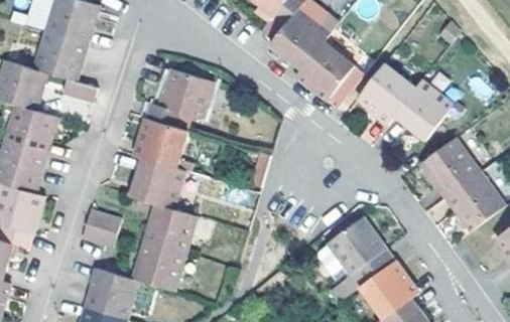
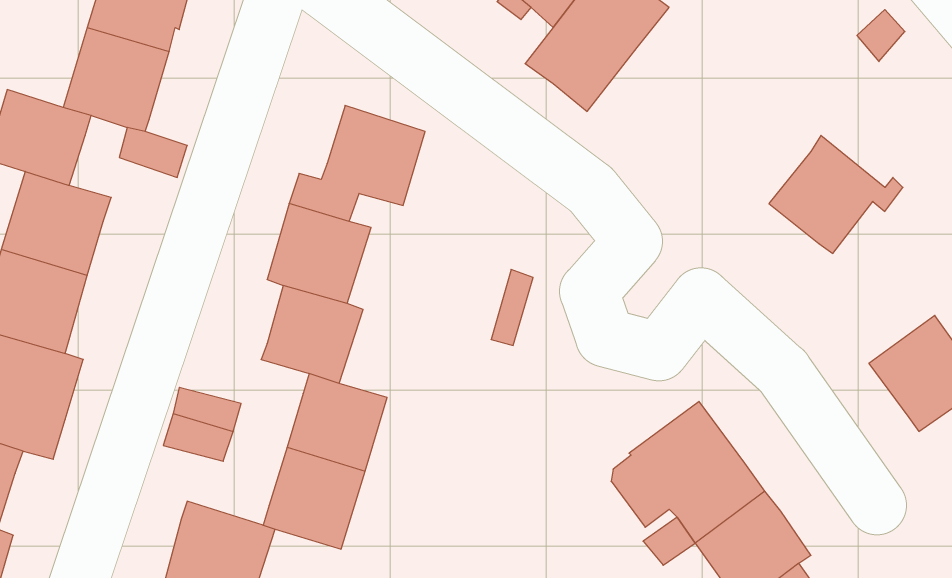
building: [294,37,358,103] -> none
building: [356,65,412,123] -> none
building: [417,138,475,196] -> none

